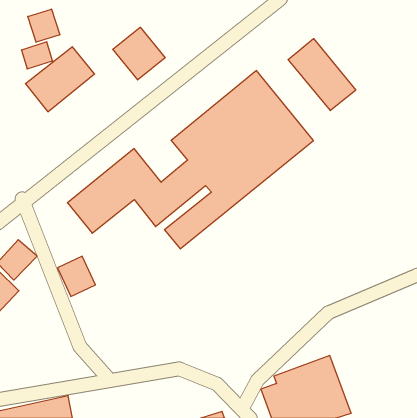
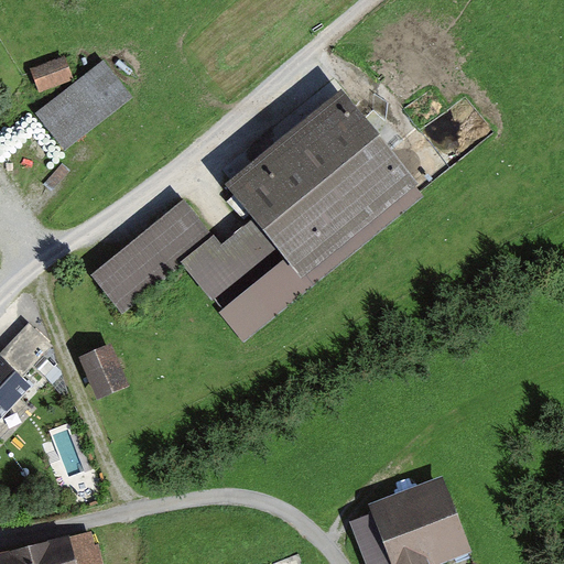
building: [28,9,60,42] -> none
building: [113,27,165,80] -> none
building: [288,39,356,111] -> none

